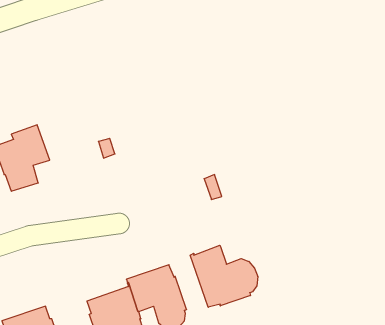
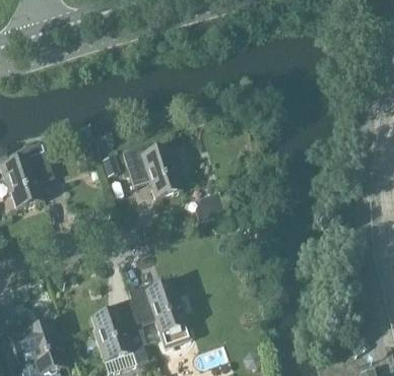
building: none -> [122,144,182,199]
building: [190,245,258,307] -> none

